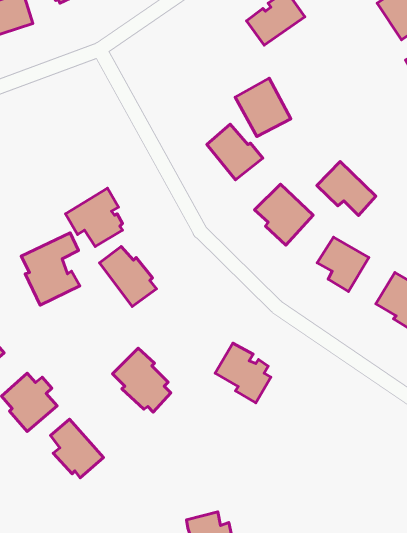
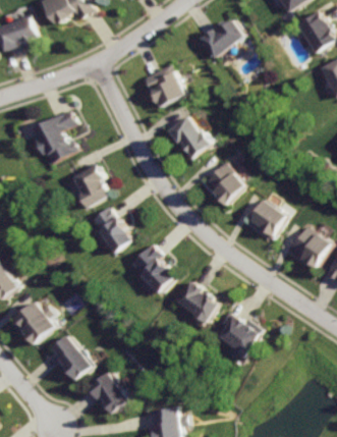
building: [235,78,291,137] -> [141,63,182,107]
building: [317,161,376,216] -> none
building: [21,233,80,305] -> [30,111,73,165]
building: [112,348,171,412] -> [128,244,172,292]
building: none -> [218,312,263,360]
building: none -> [85,372,128,414]

